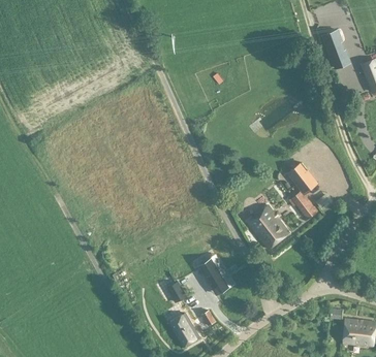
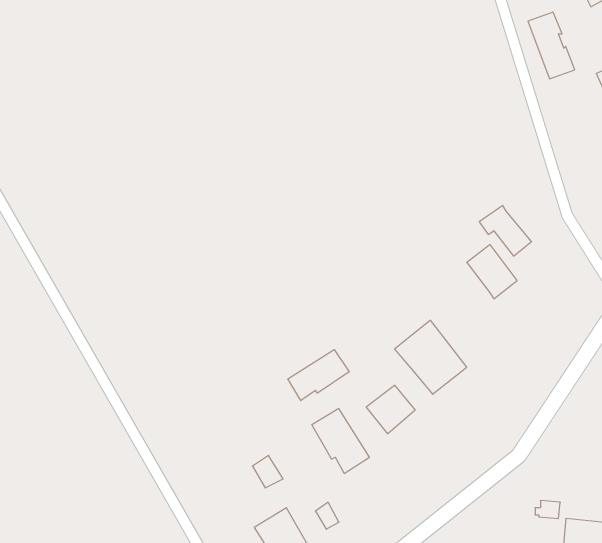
building: [287,190,317,219] -> [479,206,532,256]
building: none -> [288,350,349,401]
building: none -> [366,385,415,434]

